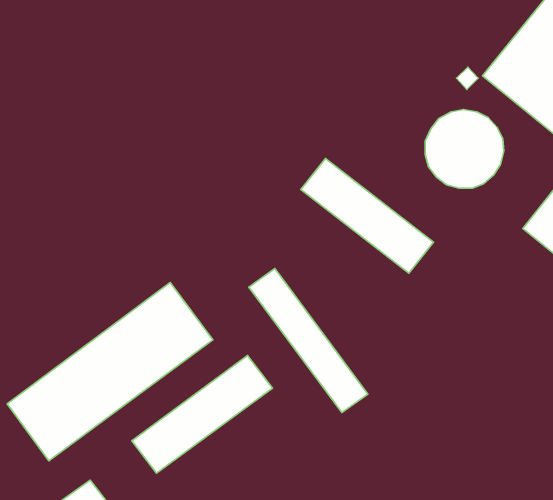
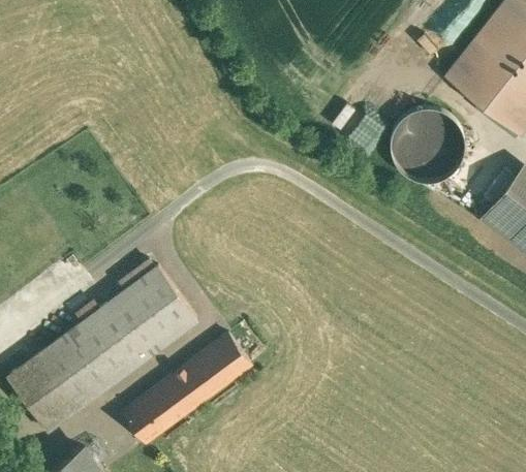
building: [301,158,433,273] -> none
building: [249,269,368,413] -> none

